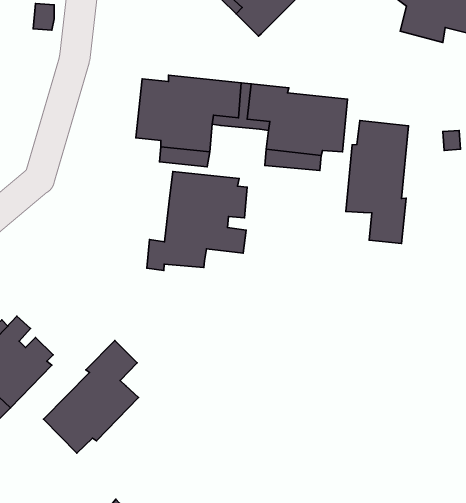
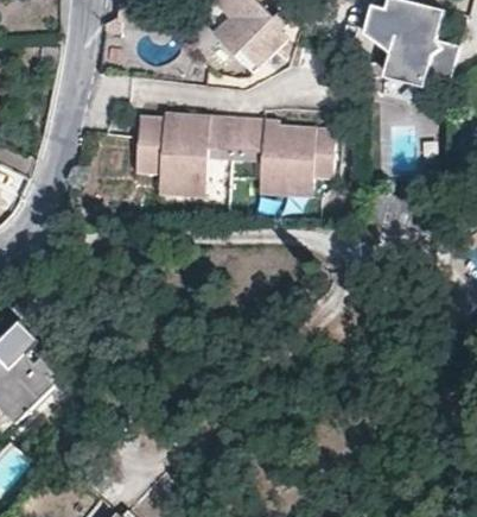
building: [346,120,409,243] -> none
building: [147,172,247,271] -> none
building: [44,341,138,453] -> none

